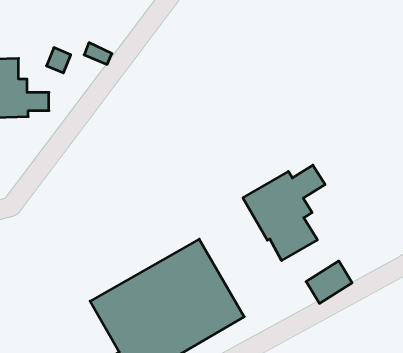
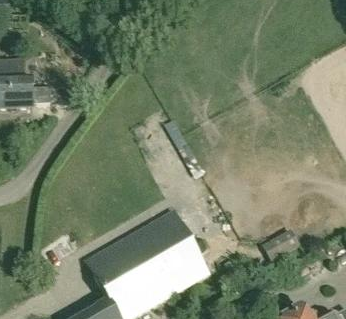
building: [243,165,325,261] -> none

